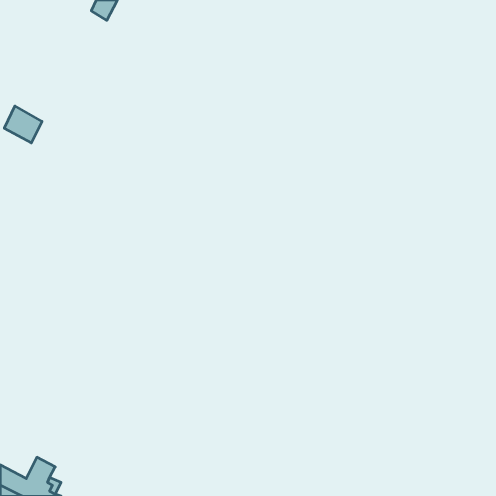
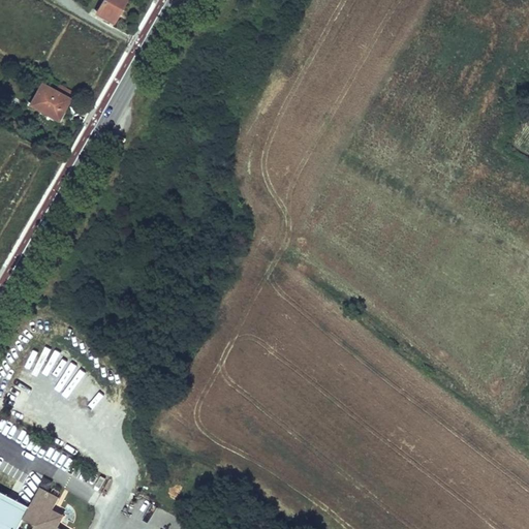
building: [4,106,42,143] -> [29,82,69,121]

